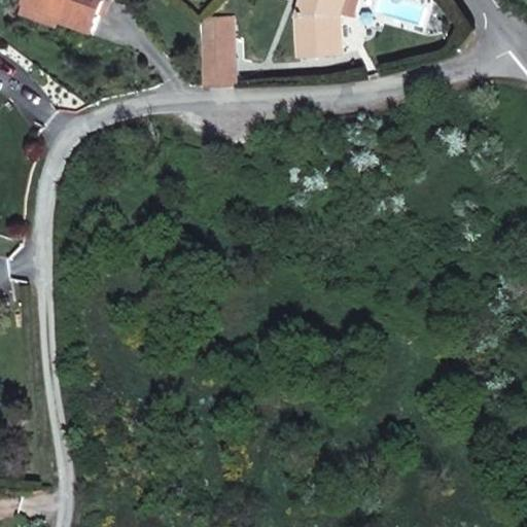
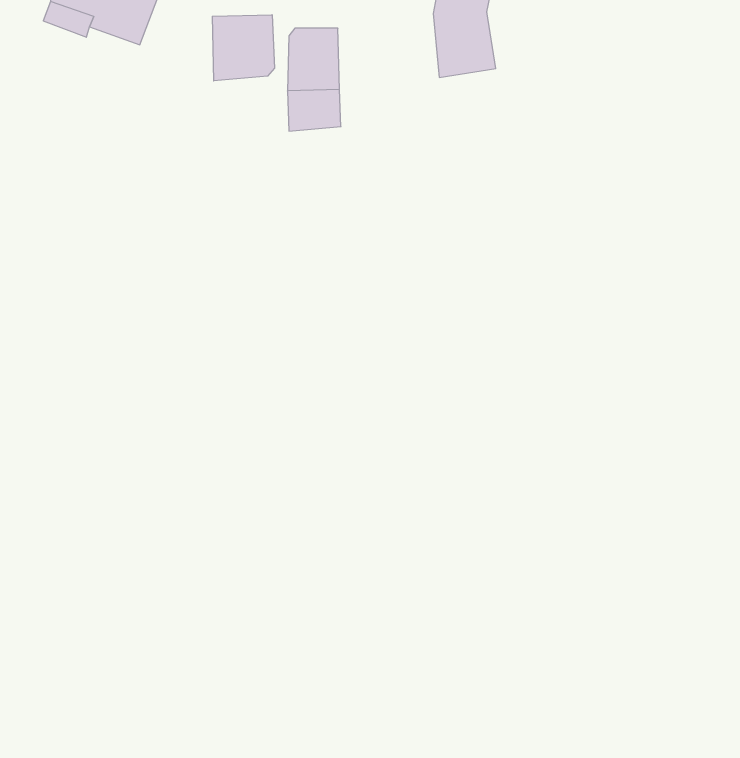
building: none -> [212,15,274,81]

